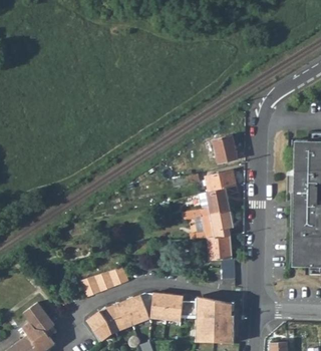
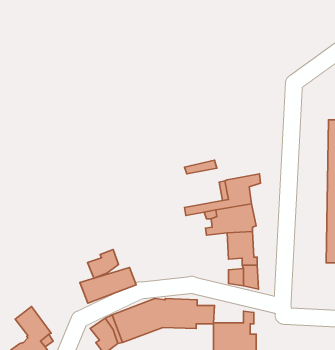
building: [212,135,236,163] -> none
building: [204,170,235,191] -> none
building: none -> [88,249,118,278]
building: [195,296,230,315] -> none

